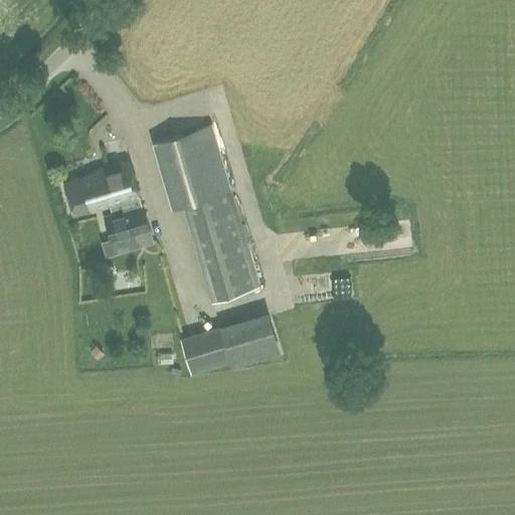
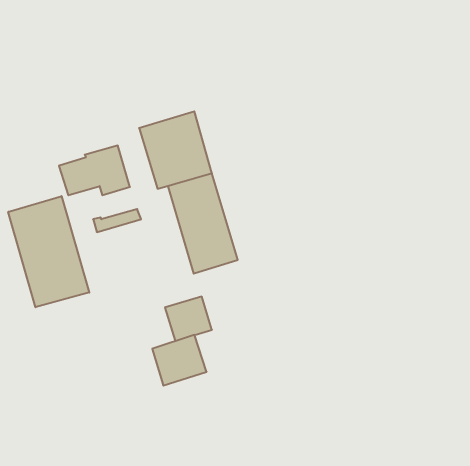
building: [105,209,151,244] -> none
building: none -> [8,196,89,307]
building: [221,314,281,369] -> [152,335,207,386]

